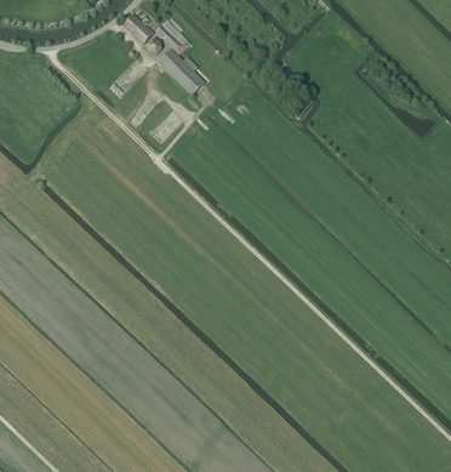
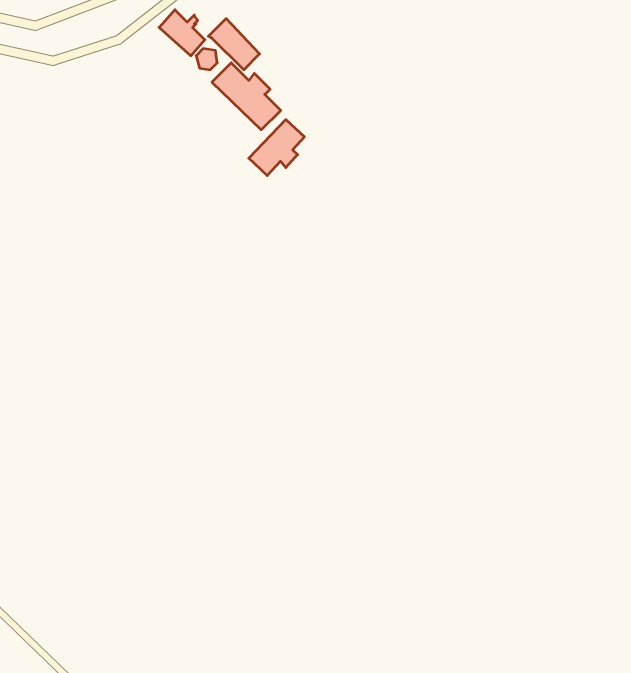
building: none -> [249,120,304,176]

